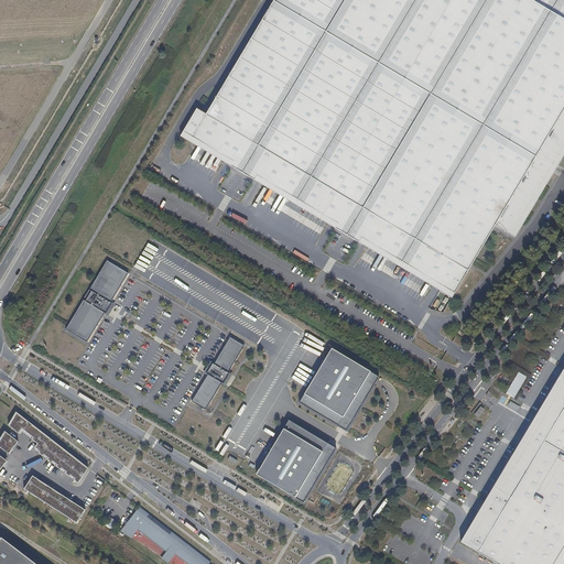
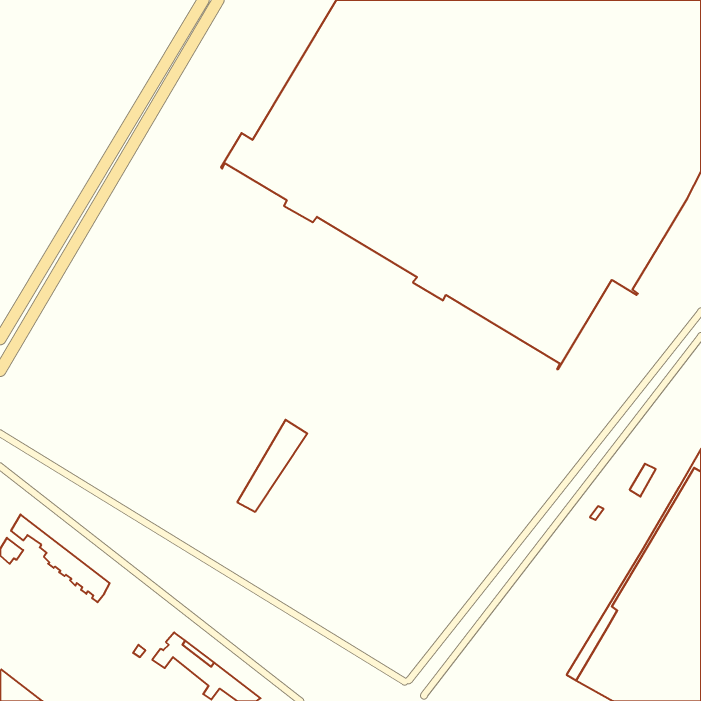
building: [66,259,130,343] -> none
building: [300,346,378,426] -> none
building: [256,419,337,499] -> none
building: [24,476,85,523] -> none

